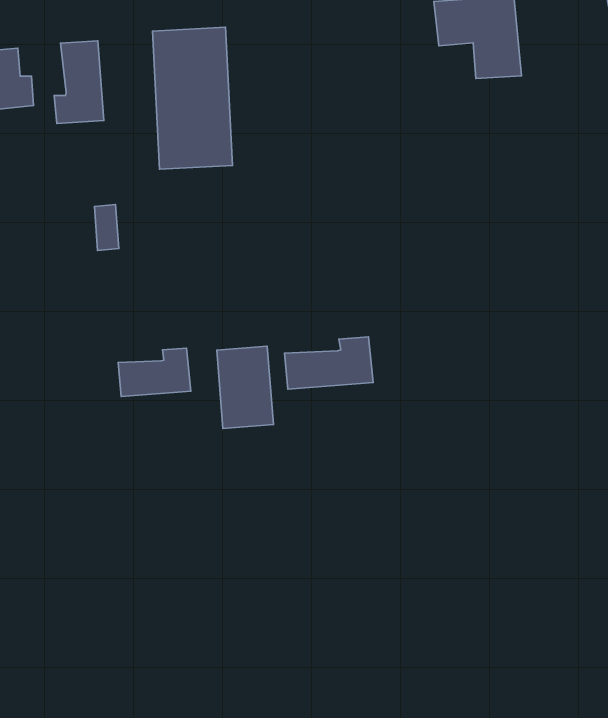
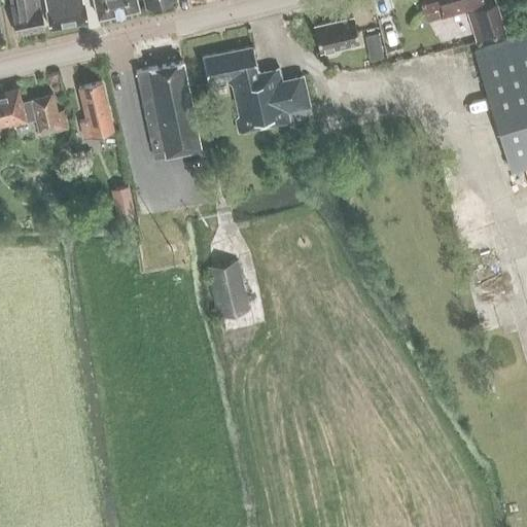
building: none -> [202,47,310,134]
building: [285,337,373,389] -> none
building: [118,348,191,397] -> none

